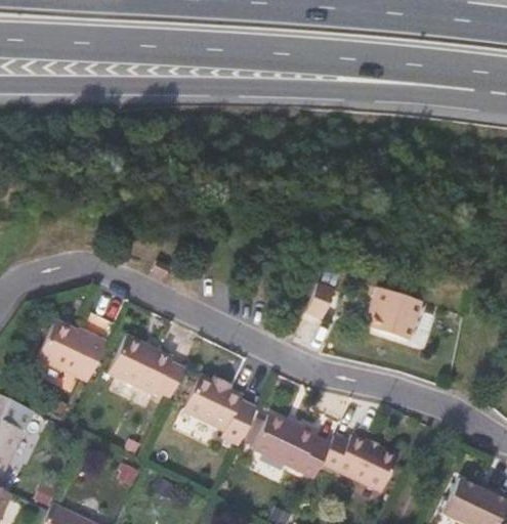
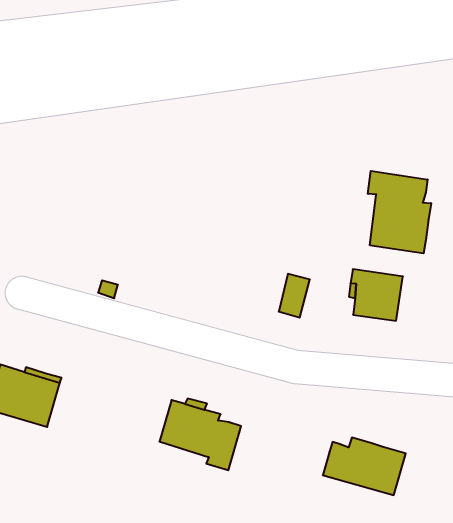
building: none -> [368,171,431,253]
building: [110,336,185,395] -> none
building: [252,414,331,477] -> none

